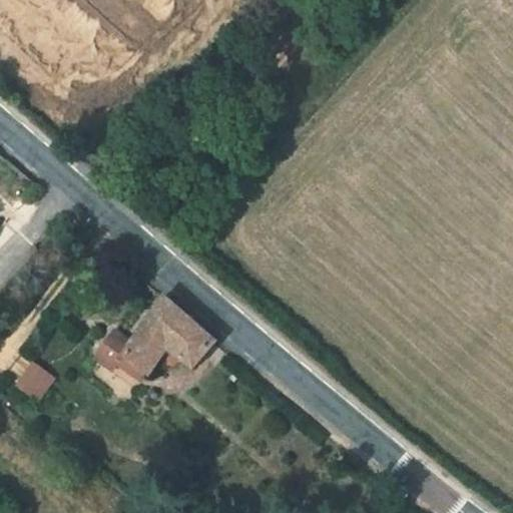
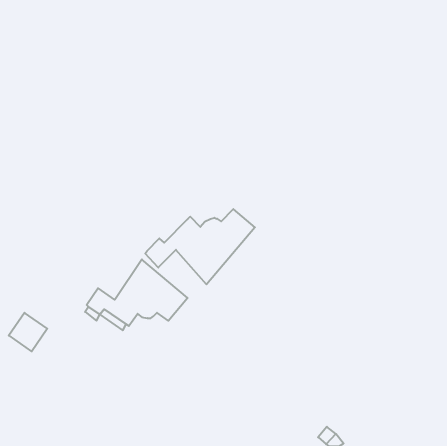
building: none -> [145,209,255,284]

